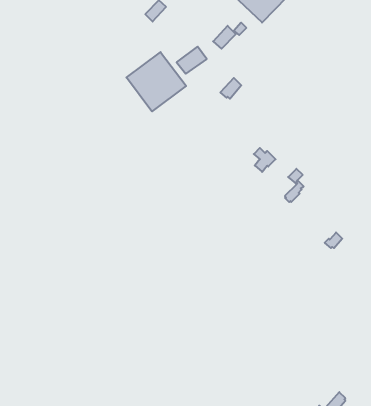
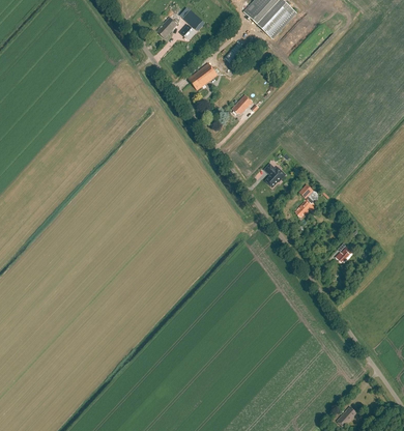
building: [126,52,186,111] -> none

